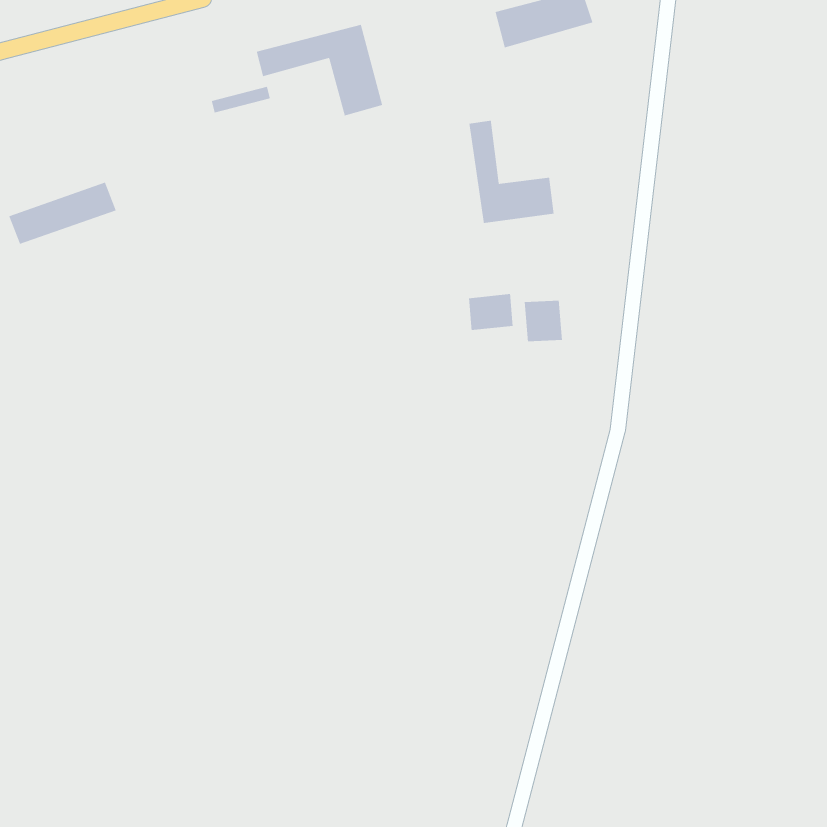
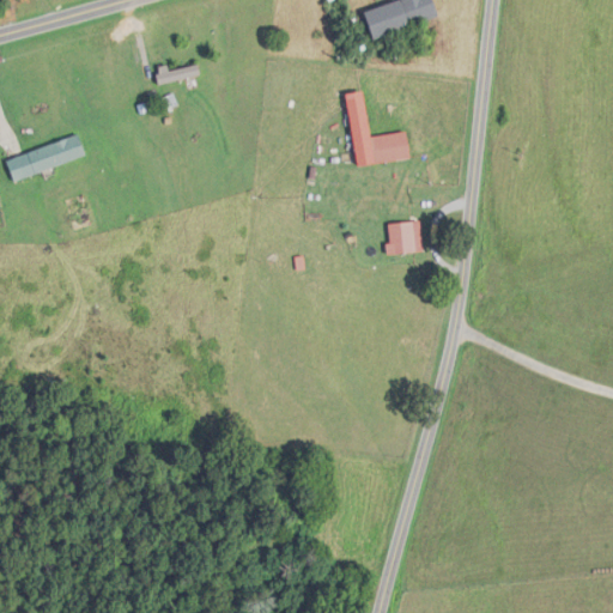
building: [256,24,383,116] -> none
building: [468,293,513,331] -> none

